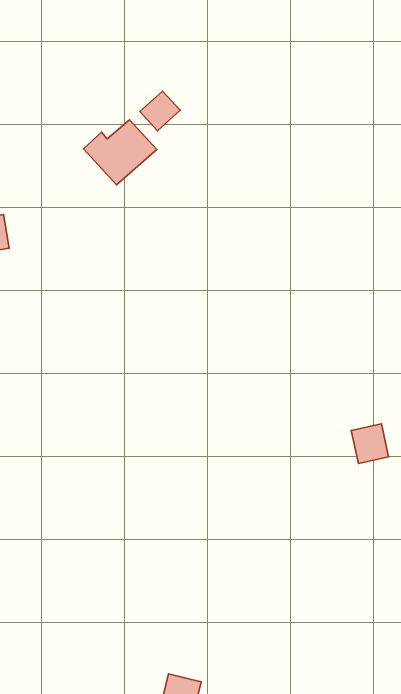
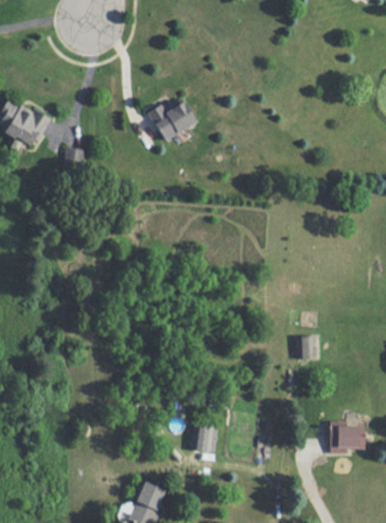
building: [140,91,180,131] -> none
building: none -> [192,426,218,451]

